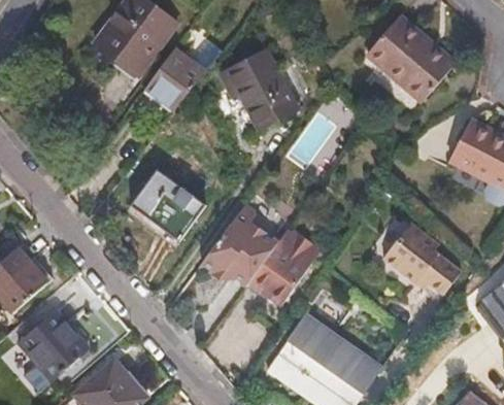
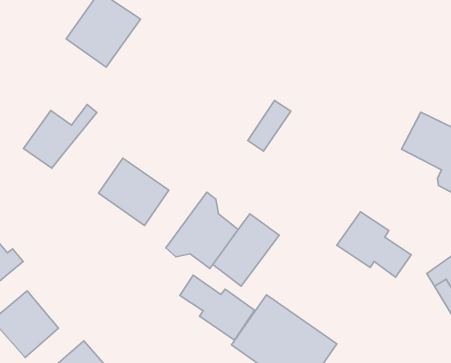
building: [368,15,456,102] -> none
building: [144,42,222,109] -> [24,105,97,168]
building: [220,50,297,130] -> none
building: none -> [180,275,254,340]

